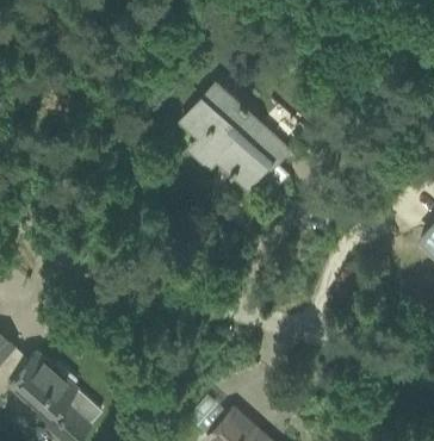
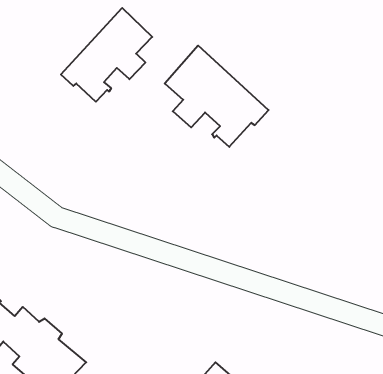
building: none -> [61,8,152,102]

